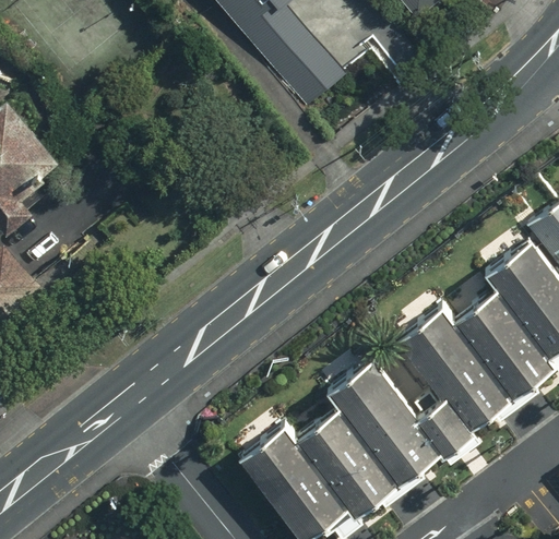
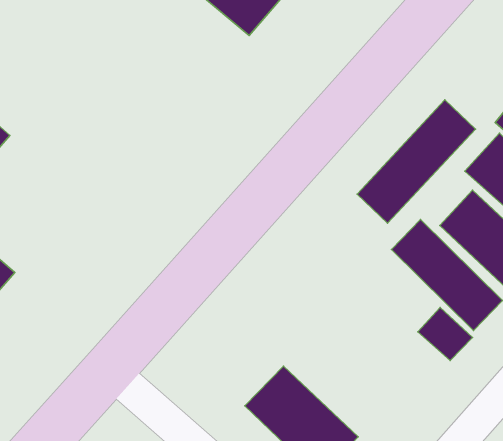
building: none -> [357,100,476,223]
building: [336,363,437,479] -> none
building: [304,408,397,512] -> none

